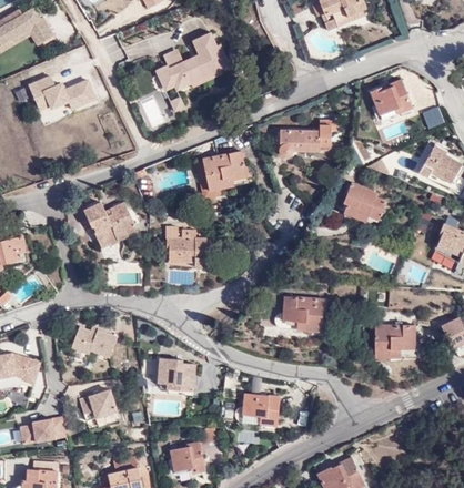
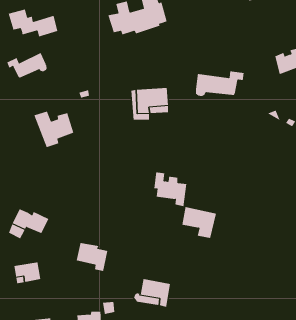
building: none -> [7,52,47,78]
building: [343,182,385,222] -> none
building: [167,231,208,270] -> [153,172,187,207]
building: [373,325,414,358] -> none

